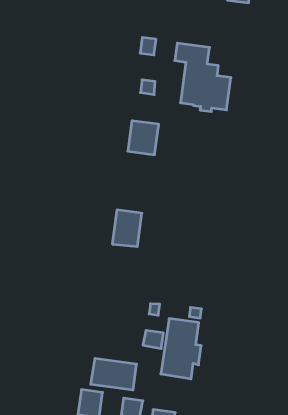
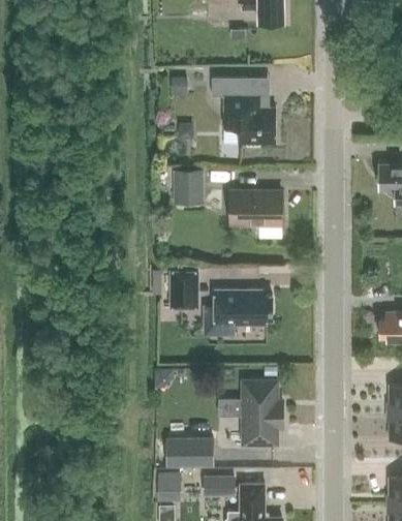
building: none -> [229,193,281,226]
building: none -> [214,292,272,326]

